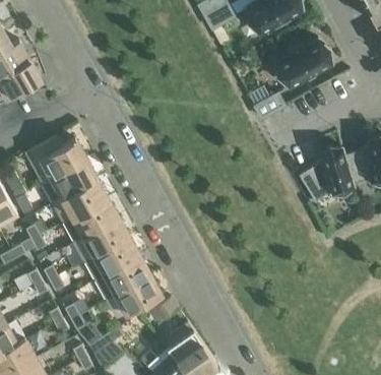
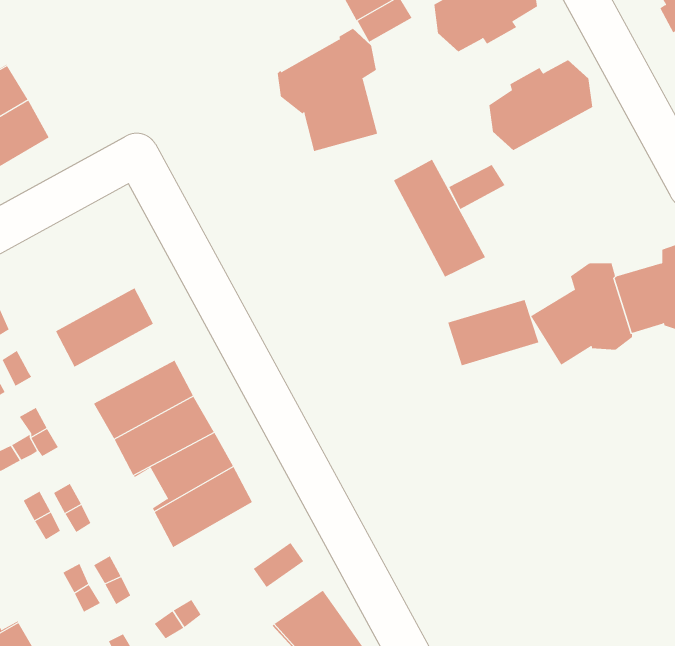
building: none -> [277,28,378,152]
building: none -> [393,159,486,278]
building: [25,136,86,184] -> none
building: none -> [447,299,539,366]
building: [54,180,108,223] -> none
building: [107,275,161,315] -> none

